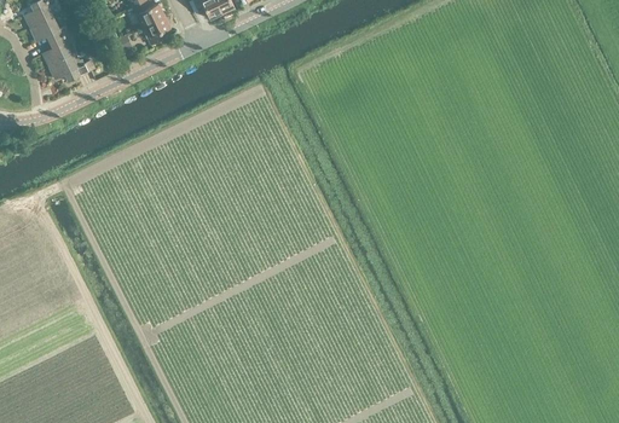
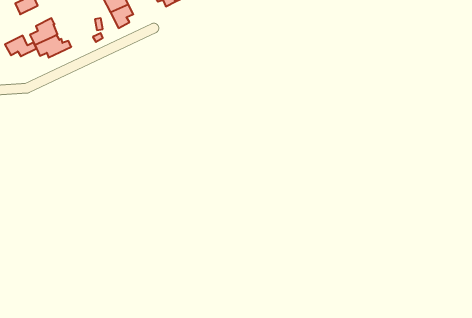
building: [29,17,68,42] -> [5,36,36,56]

